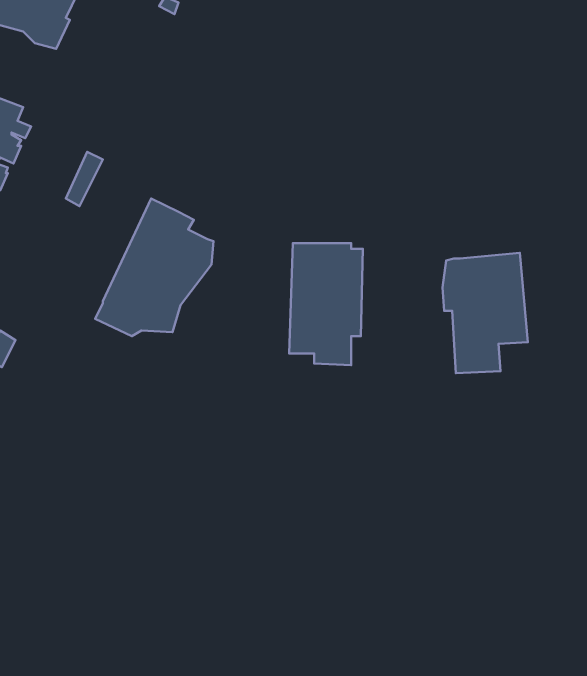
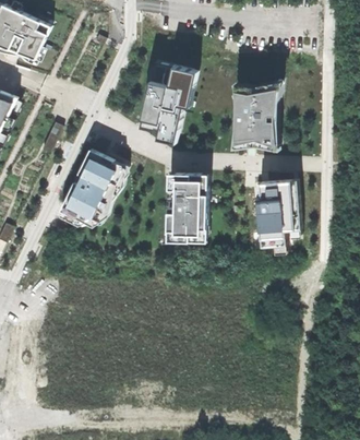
building: none -> [139,61,196,144]
building: none -> [231,81,280,150]

